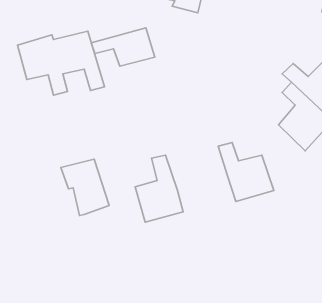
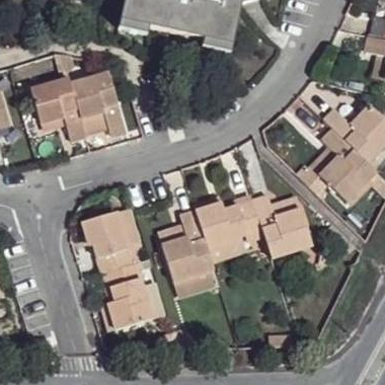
building: [91,28,155,66] -> none
building: none -> [195,199,262,247]
building: none -> [105,263,154,329]

